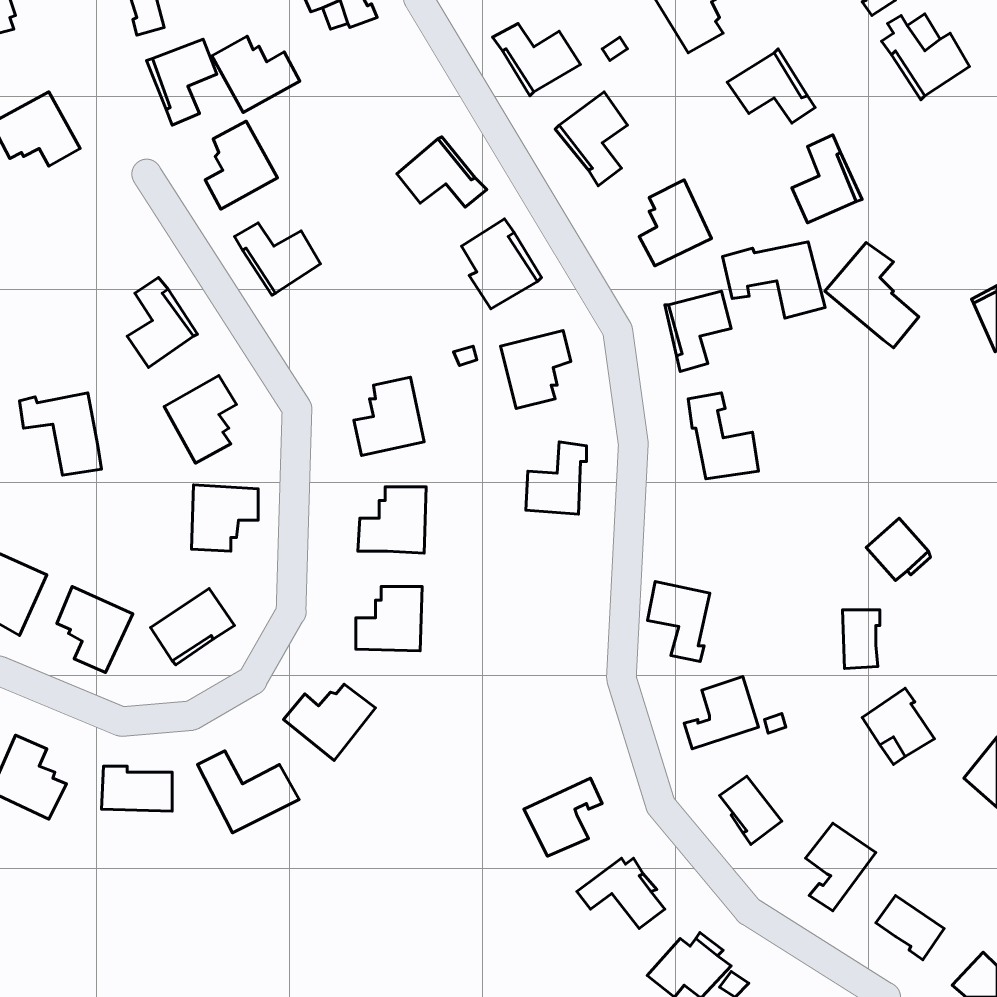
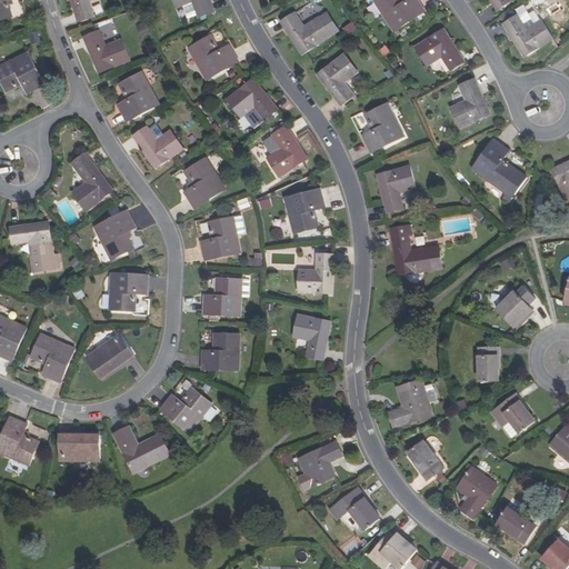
building: [212,36,300,113] -> [187,34,237,78]
building: [722,242,825,318] -> none
building: none -> [183,158,224,209]
building: [647,581,710,662] -> [292,310,328,356]

